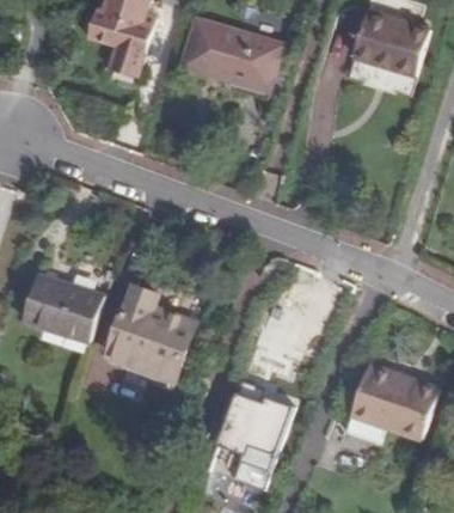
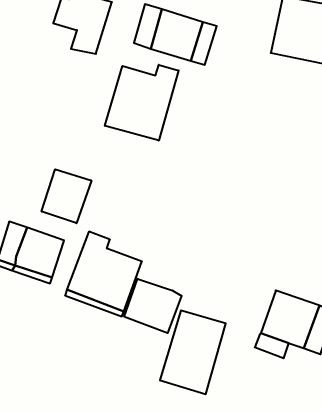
building: none -> [105,65,179,141]
building: none -> [42,169,91,223]
building: none -> [124,279,182,333]

